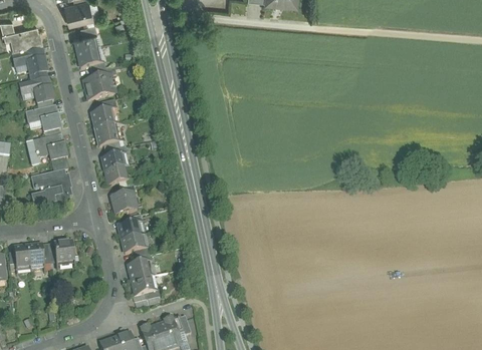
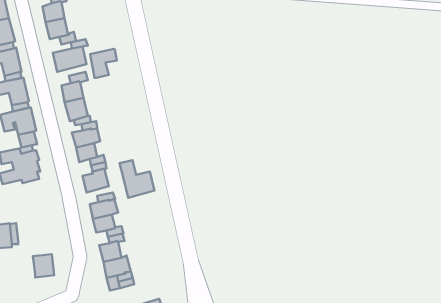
building: none -> [90,49,117,78]
building: none -> [120,160,155,198]
building: [54,240,74,262] -> [33,254,54,277]

